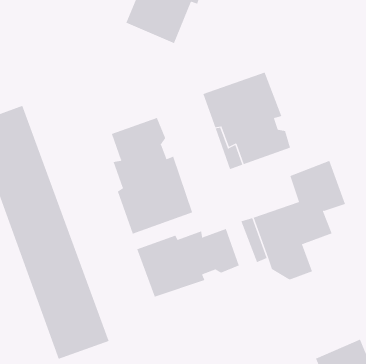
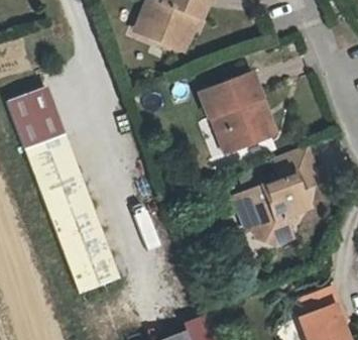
building: [111,117,193,235] -> none
building: [137,228,240,298] -> none

